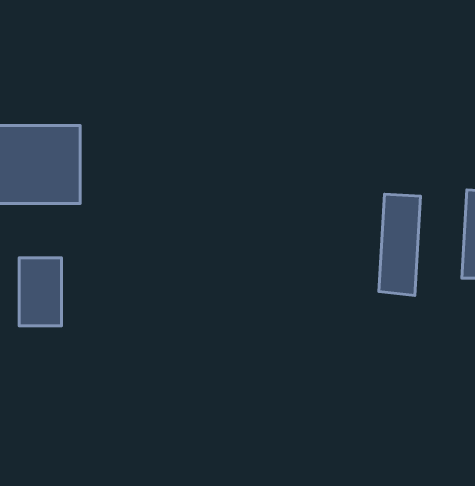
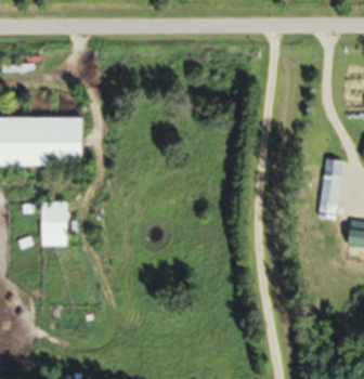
building: [379,194,421,295] -> none

